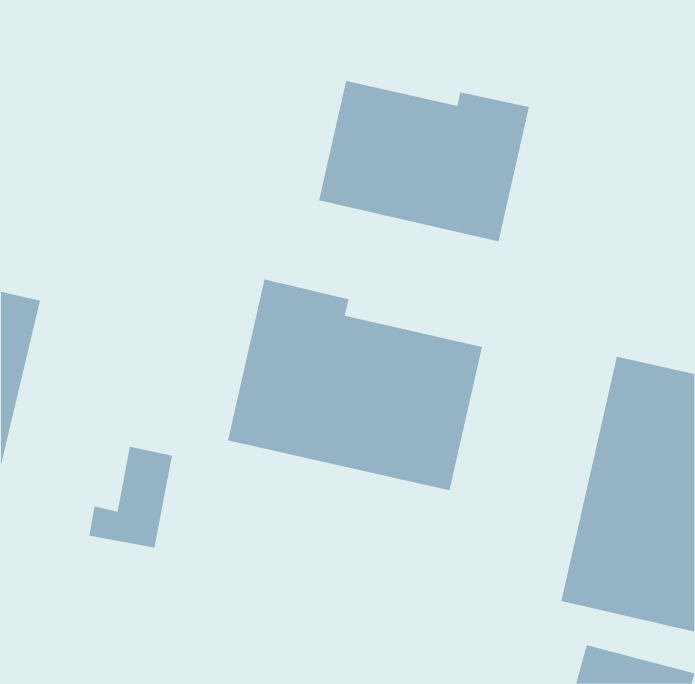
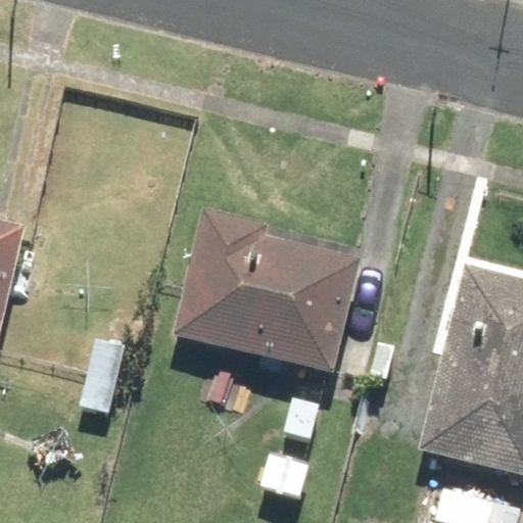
building: [318,80,530,242] -> none

